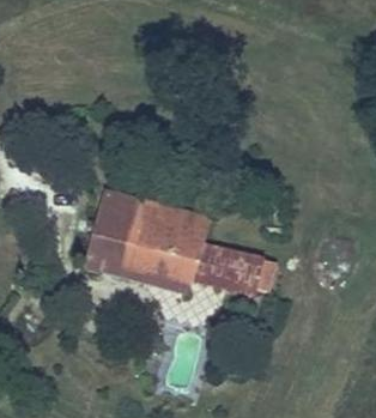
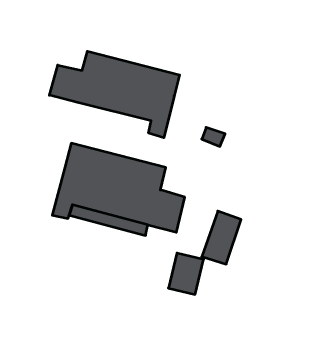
building: none -> [49,51,180,138]
building: [223,249,262,296] -> [168,253,204,294]

